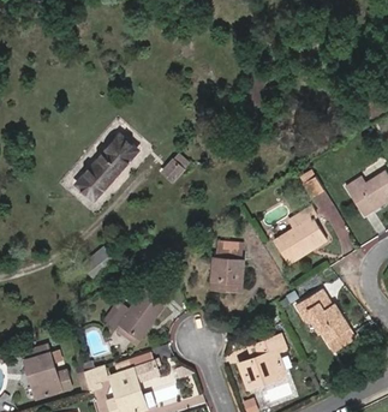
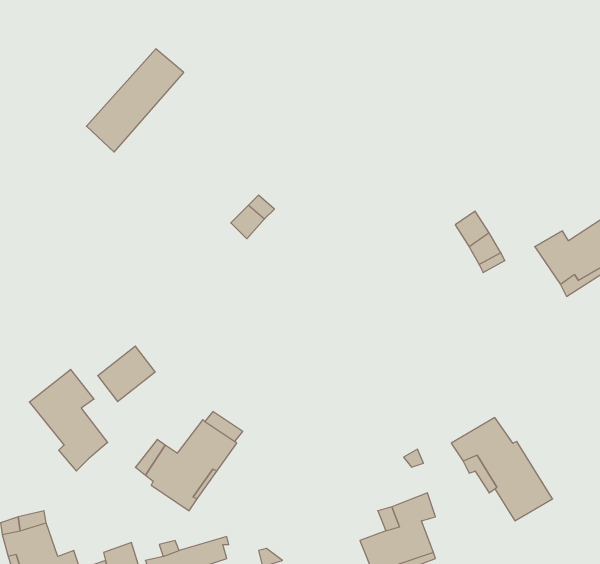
building: [77,136,136,198] -> [86,49,184,152]
building: [274,204,327,262] -> none
building: [210,241,241,292] -> none
building: none -> [29,369,108,471]

